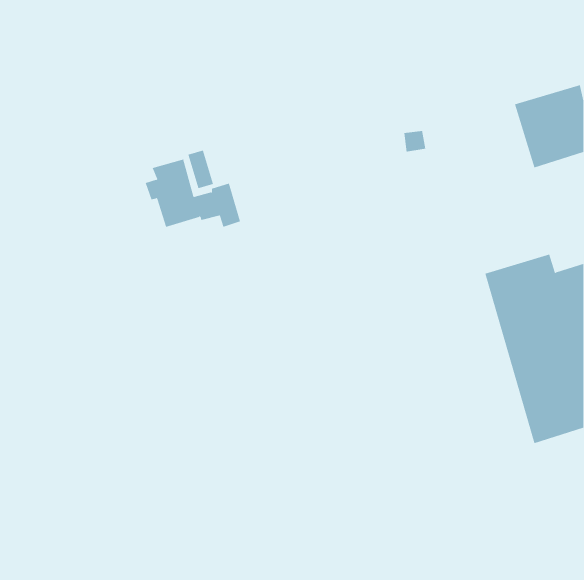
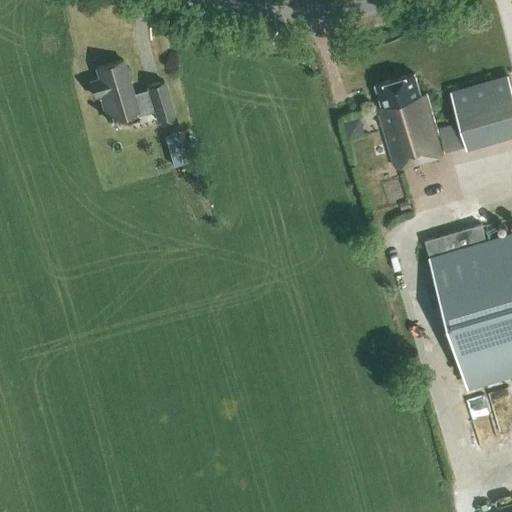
building: none -> [376,76,444,170]
building: [145,159,241,227] -> [89,63,173,123]

